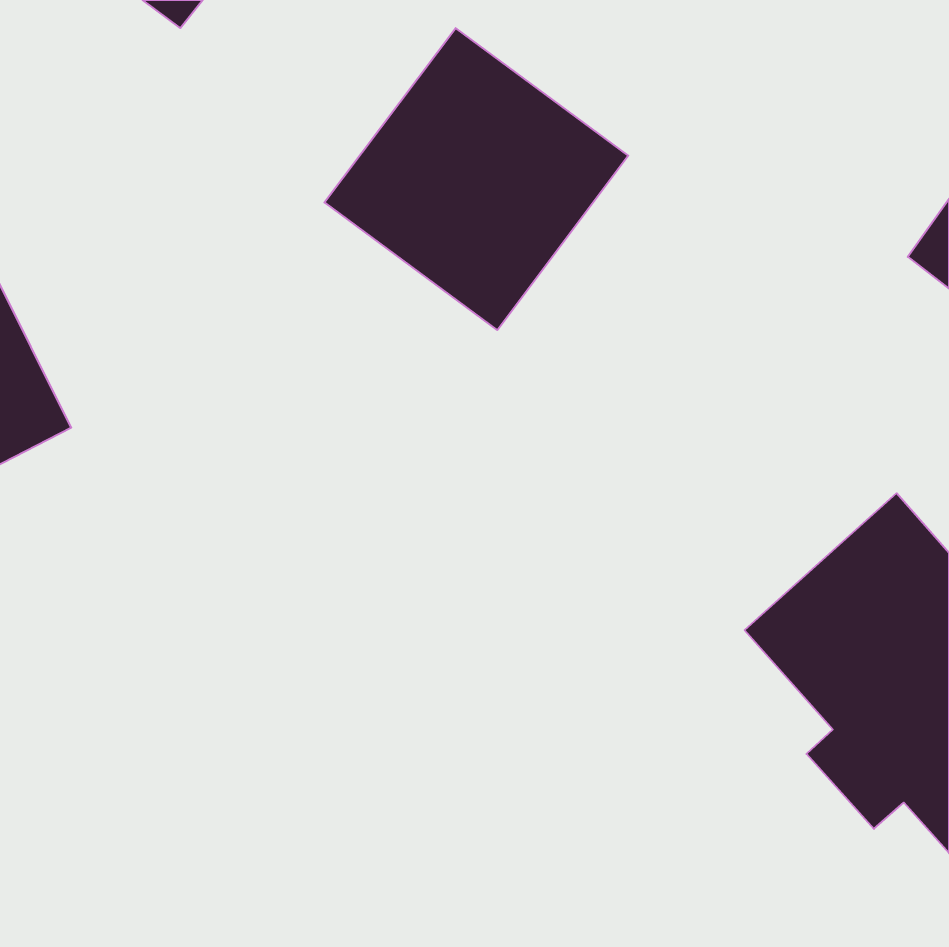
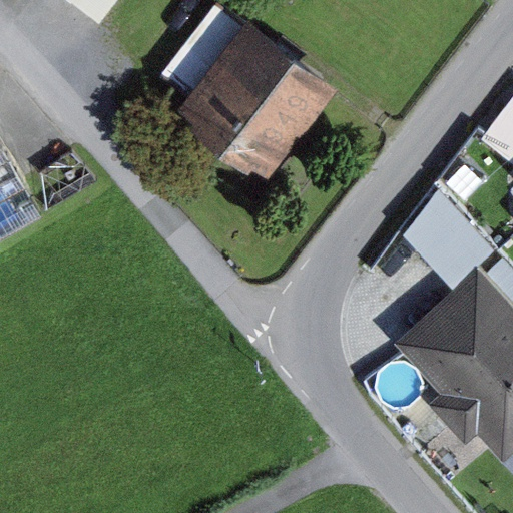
building: none -> [400,189,496,287]

